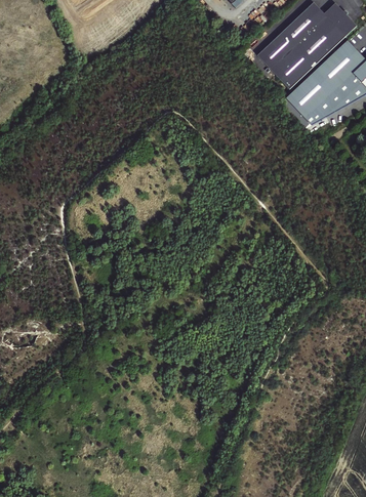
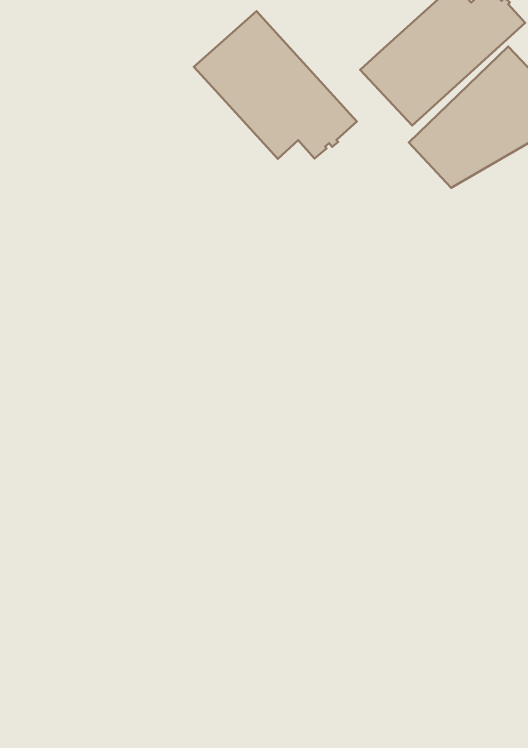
building: none -> [194,11,357,159]

